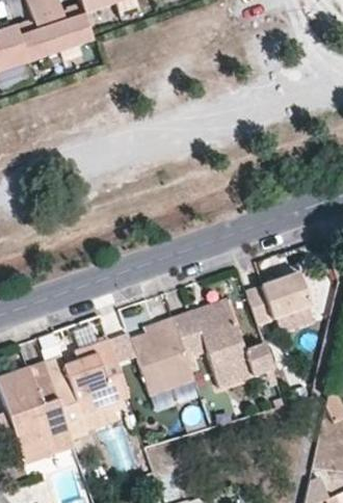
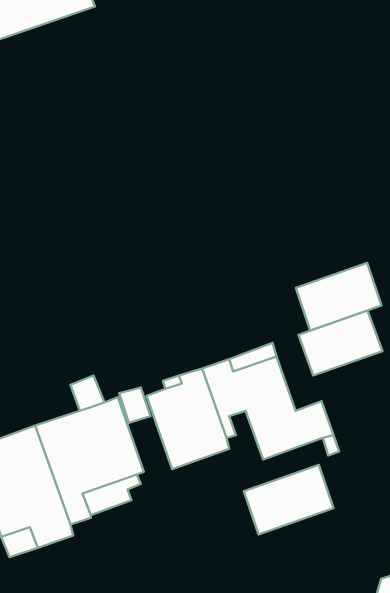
building: none -> [296,263,382,331]
building: none -> [244,465,333,535]

